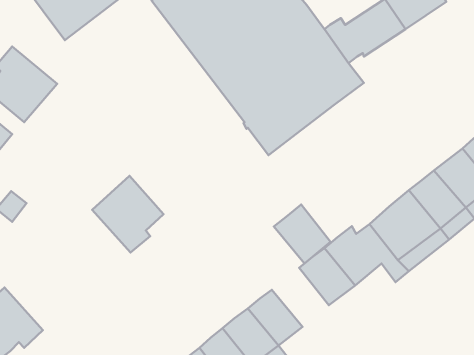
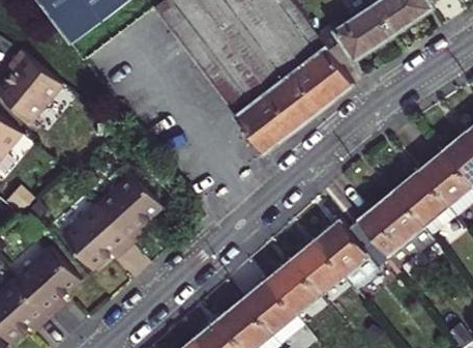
building: [274,205,331,264] -> [266,259,320,315]
building: none -> [61,204,132,271]
building: none -> [13,245,81,318]

